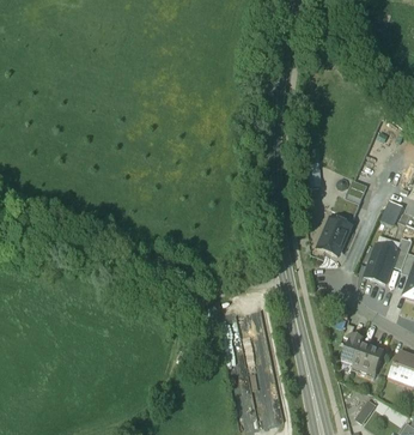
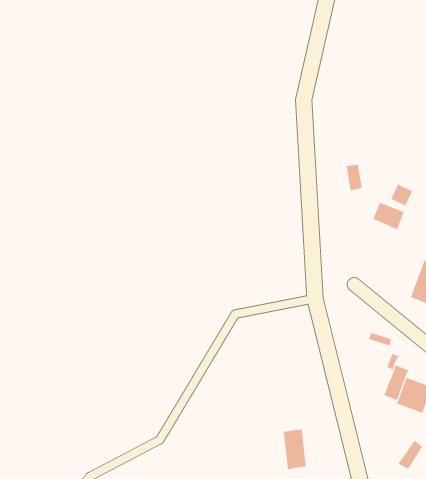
building: [321,216,349,252] -> none

